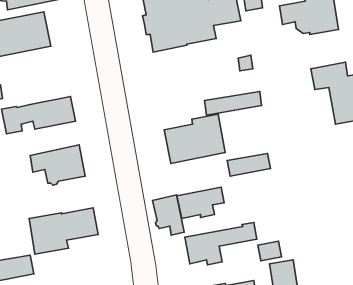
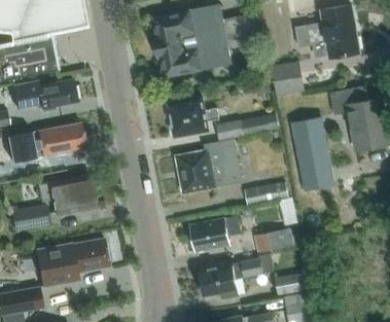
building: none -> [273,63,305,97]
building: none -> [11,79,75,111]
building: none -> [170,98,219,137]
building: none -> [292,118,333,189]
building: none -> [10,204,48,229]
building: [152,195,184,235] -> none
building: none -> [256,229,292,254]

